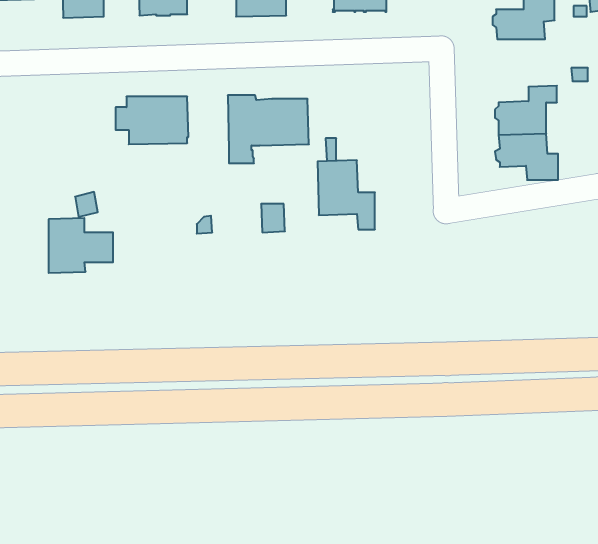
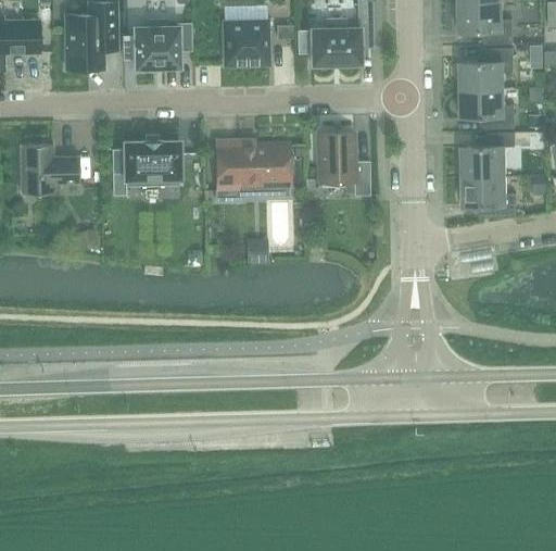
building: none -> [457,88,514,128]
building: [318,160,375,229] -> [317,130,369,193]
building: [49,218,113,273] -> [20,142,78,192]

